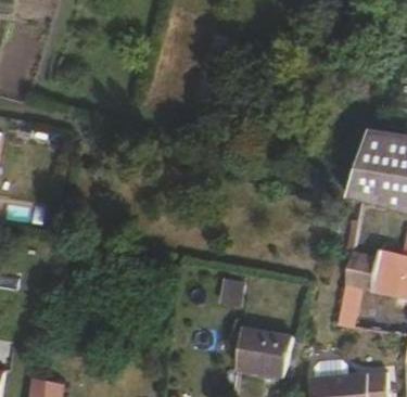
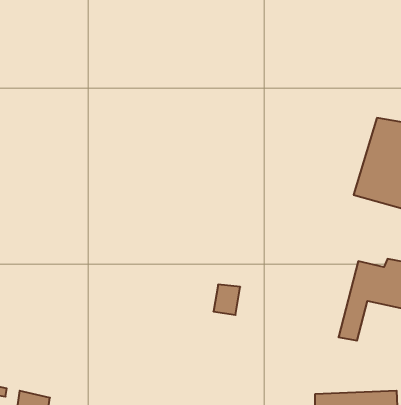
building: [238,328,294,375] -> none

